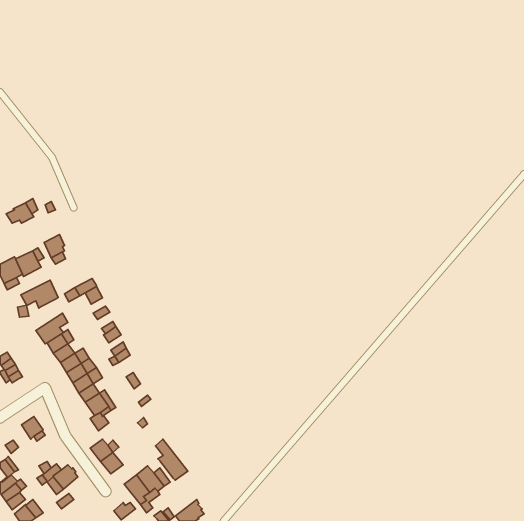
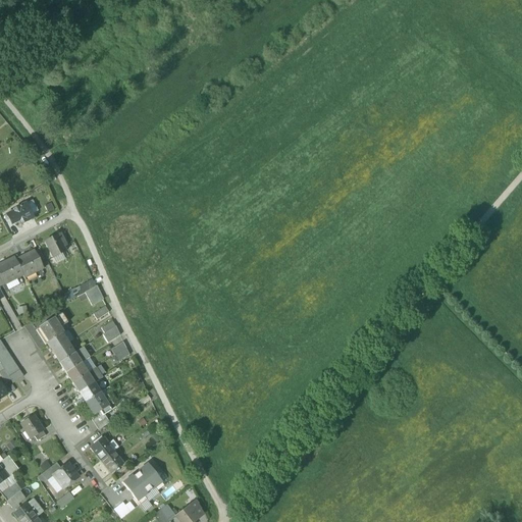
building: [21,280,58,308] -> none
building: [156,439,188,480] -> none

